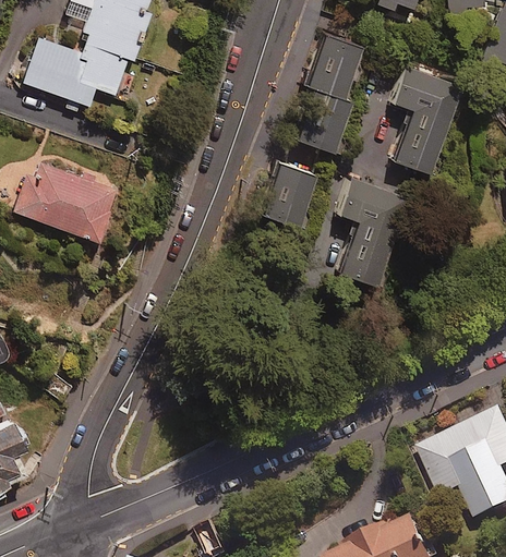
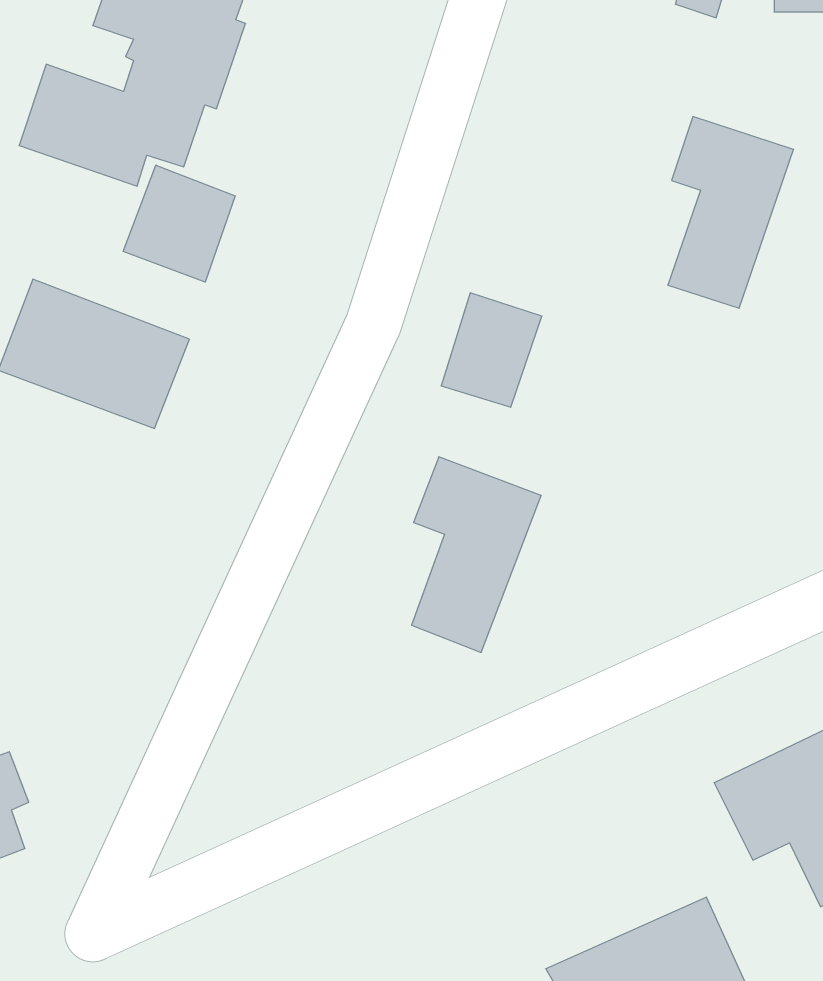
building: [297,34,366,157] -> none
building: none -> [123,165,235,282]
building: [335,178,408,288] -> [412,457,541,652]

